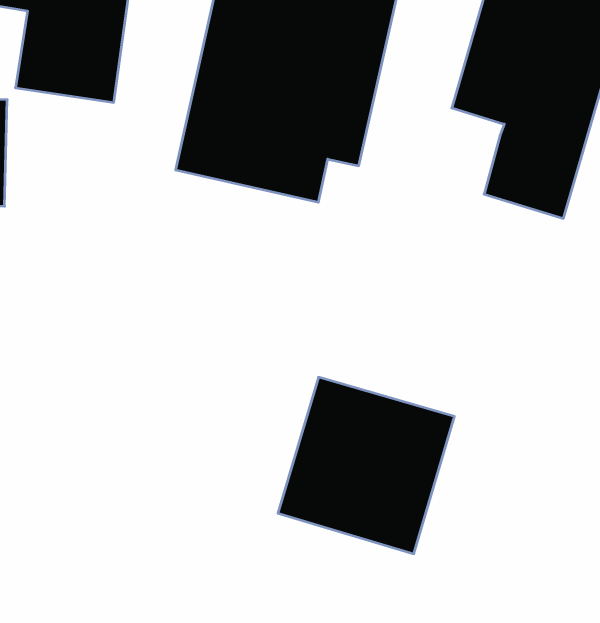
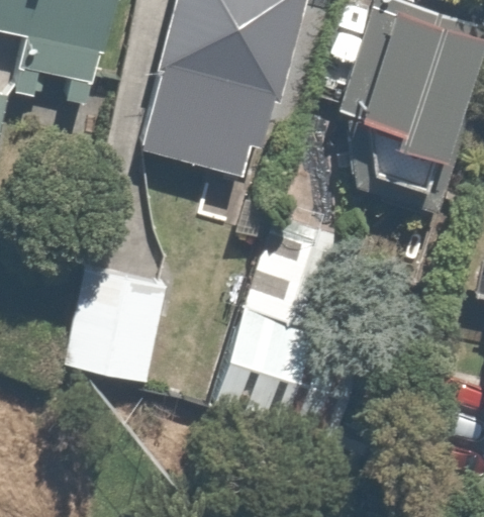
building: none -> [58,260,174,381]

